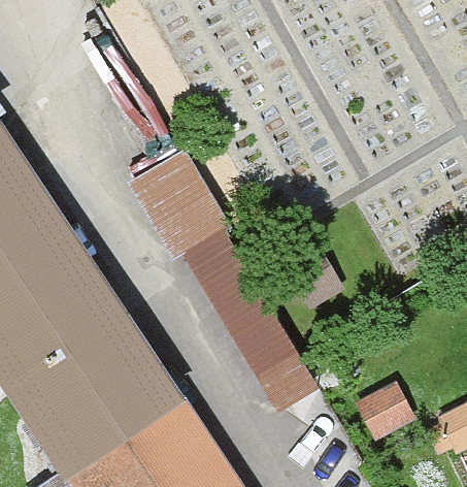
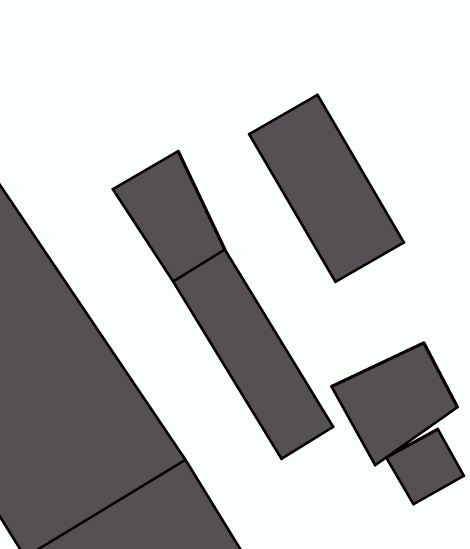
building: none -> [249,95,404,282]
building: none -> [332,343,458,465]

